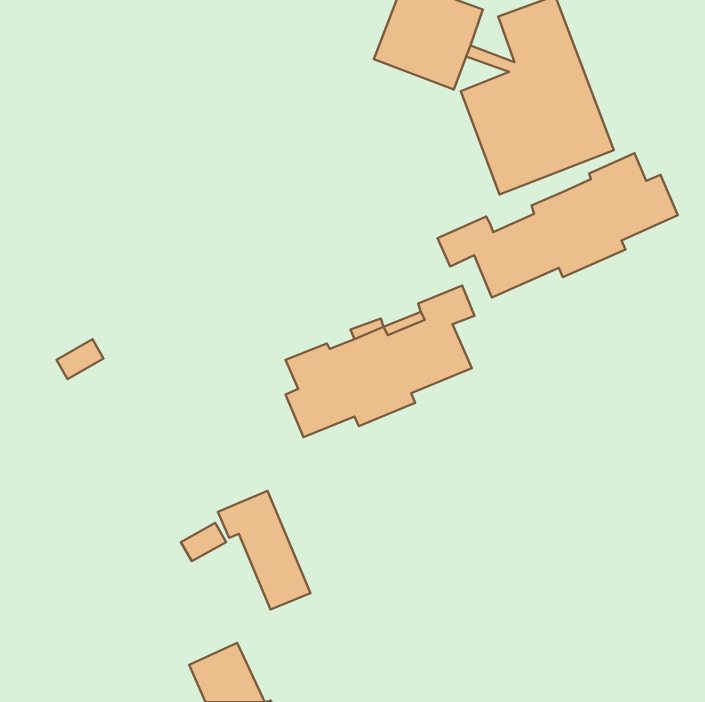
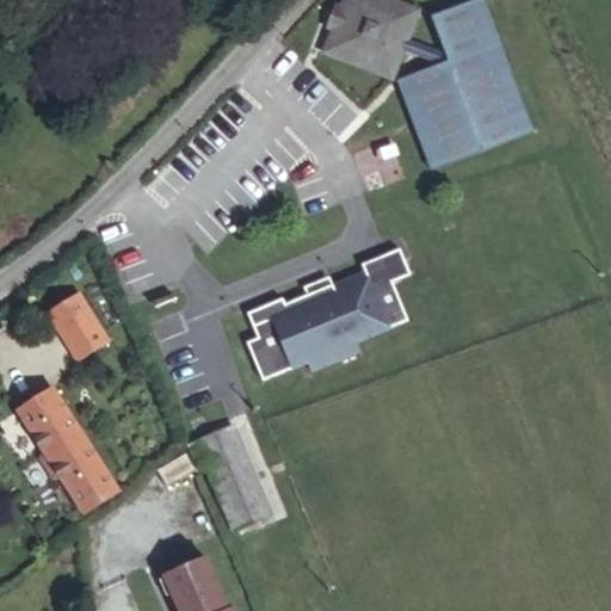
building: [437,153,678,298] -> none
building: none -> [58,310,107,359]
building: none -> [18,387,118,513]

